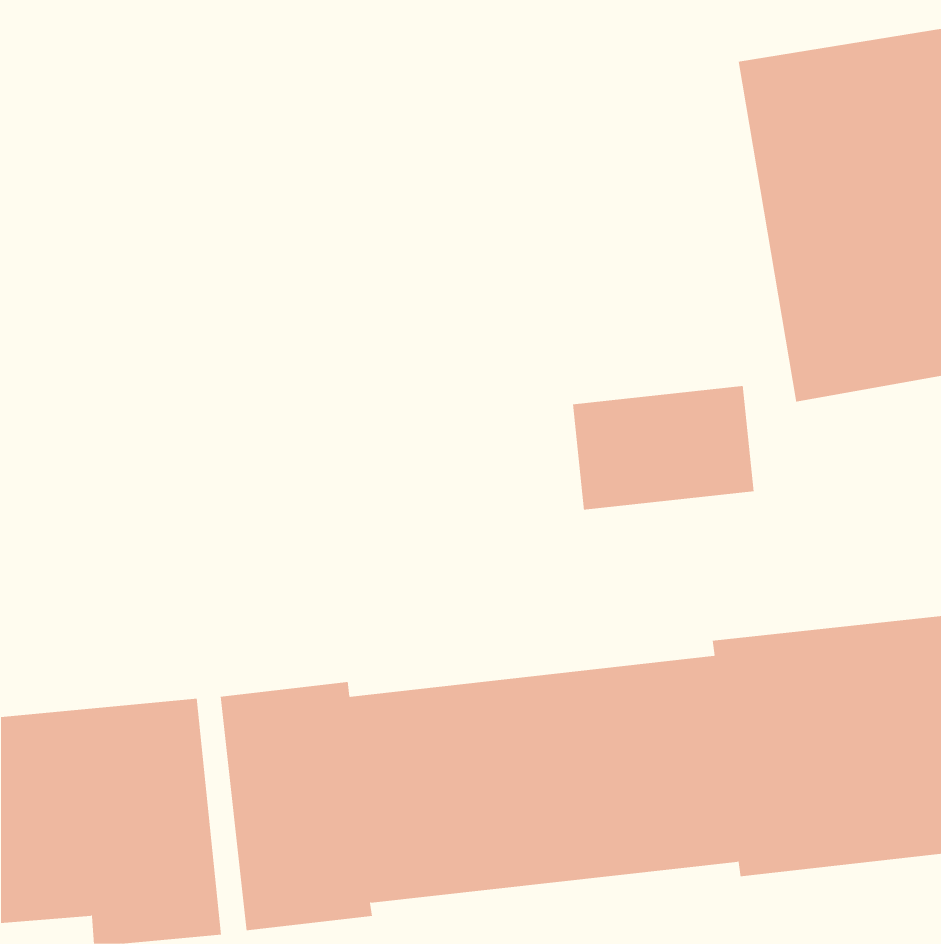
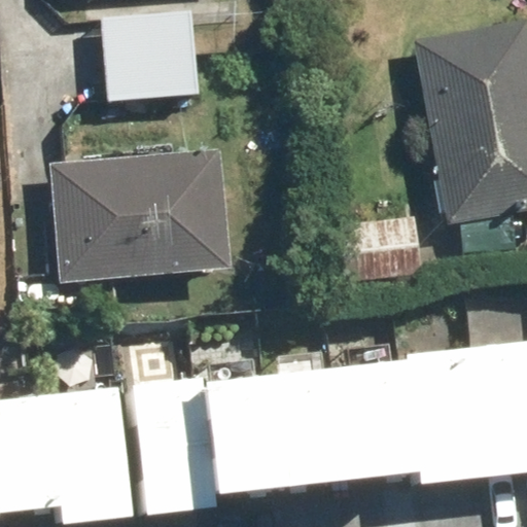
building: none -> [100,7,198,100]
building: none -> [48,146,230,282]

